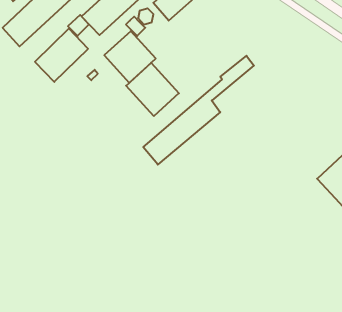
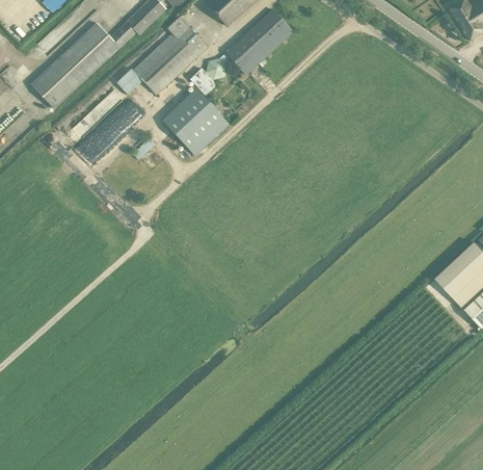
building: [143,56,254,165] -> none
building: [126,63,179,116] -> none

